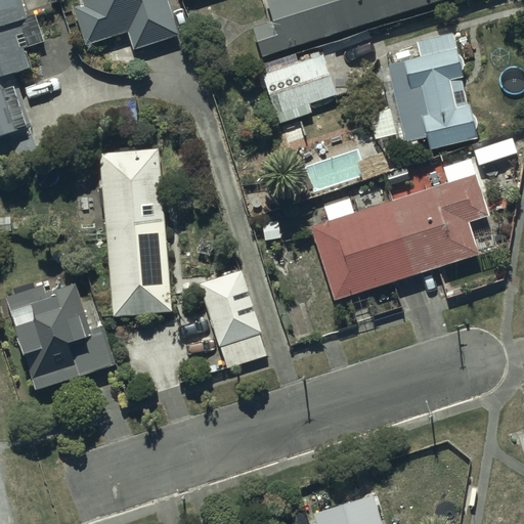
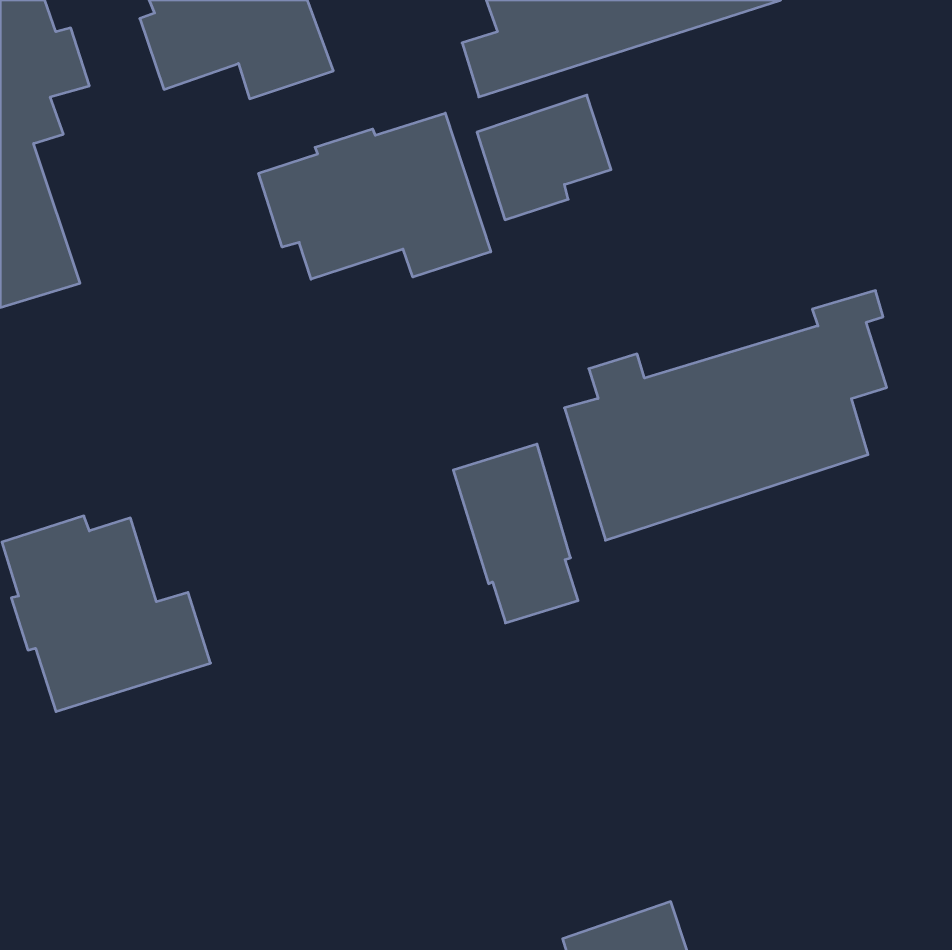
building: [381,30,477,146] -> none
building: none -> [259,113,491,279]
building: [95,149,170,318] -> none
building: [198,267,266,365] -> [453,444,578,623]

